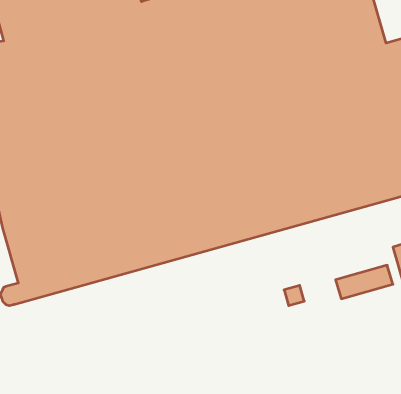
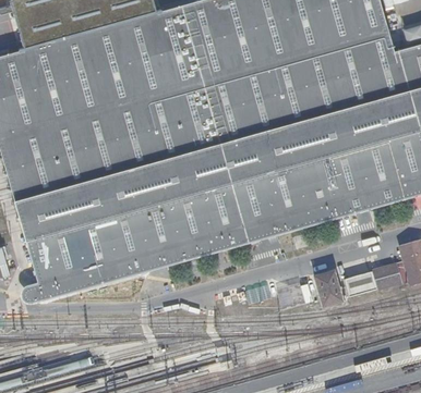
building: none -> [314,274,342,309]

